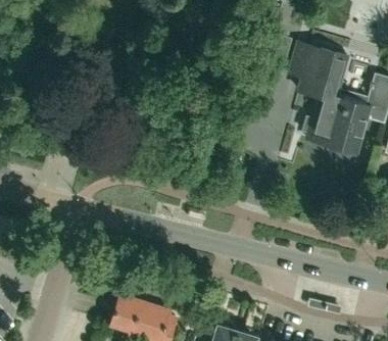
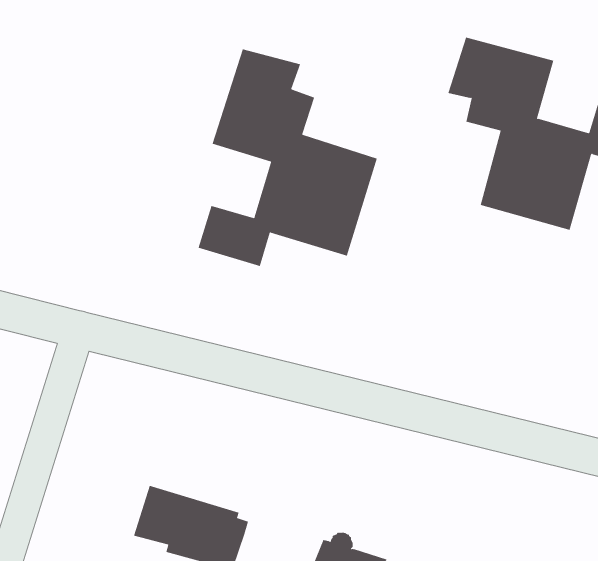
building: none -> [198,49,377,267]

